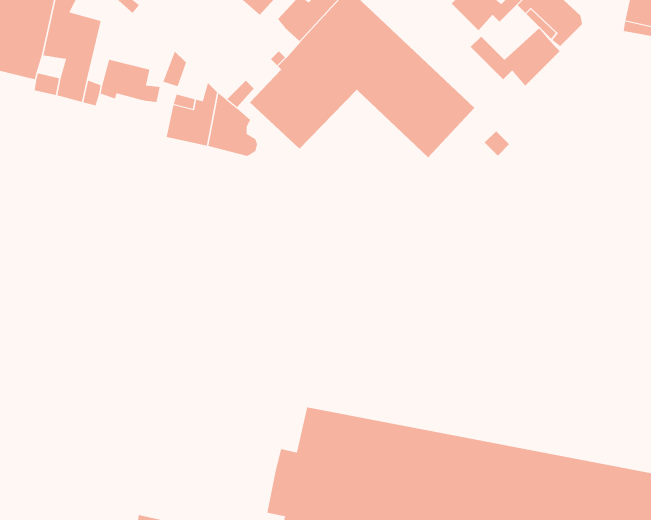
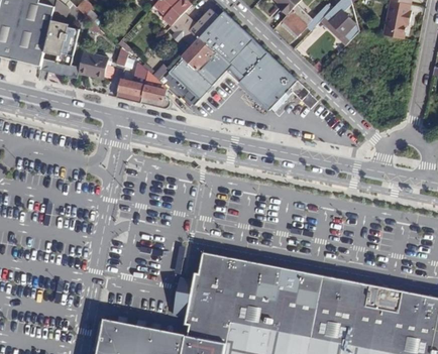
building: [470,28,561,87] -> none

